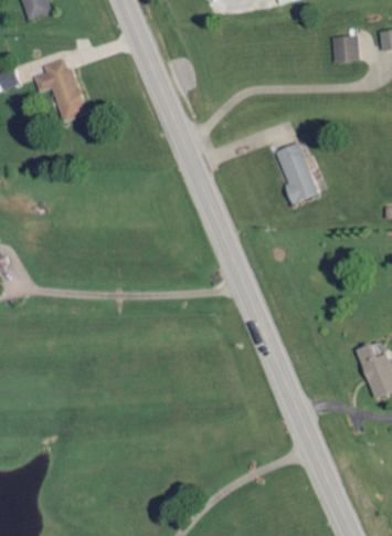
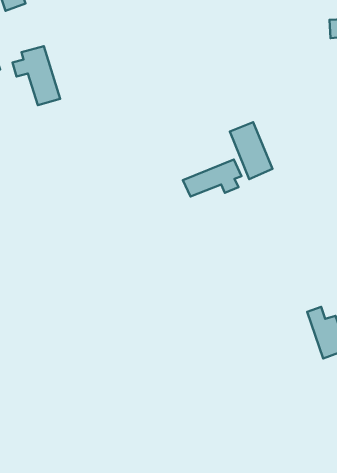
building: [333,35,358,62] -> none
building: none -> [183,159,241,197]

